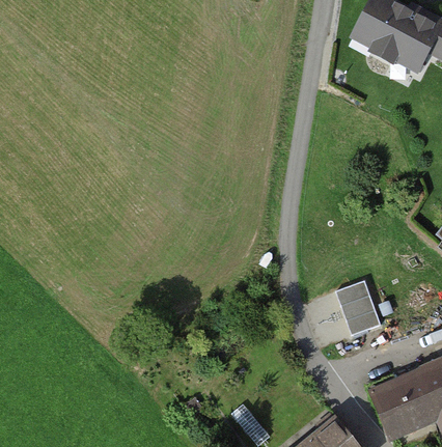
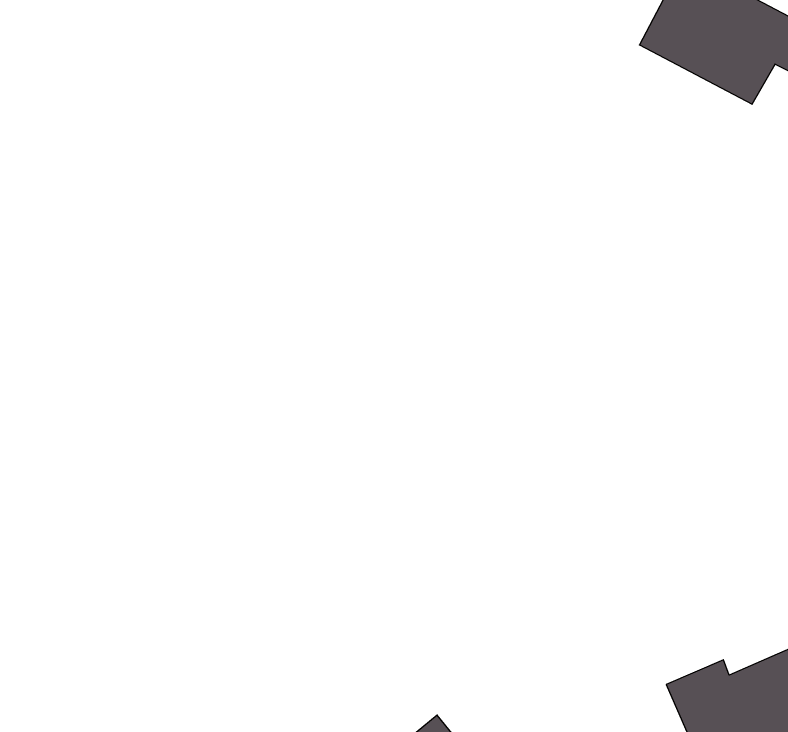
building: [335,280,381,335] -> none

